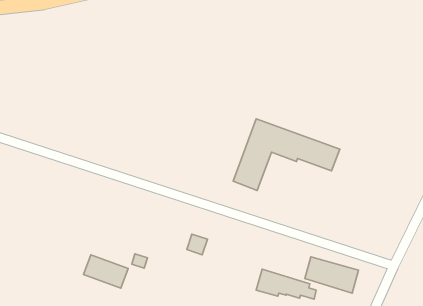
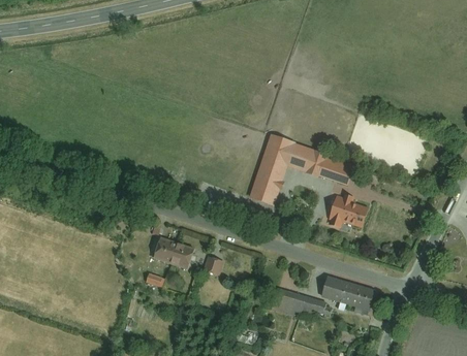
building: none -> [326,195,369,234]
building: [84,255,128,288] -> [151,231,195,264]

